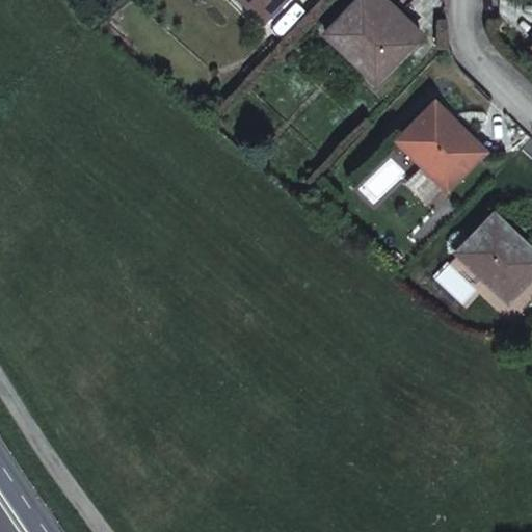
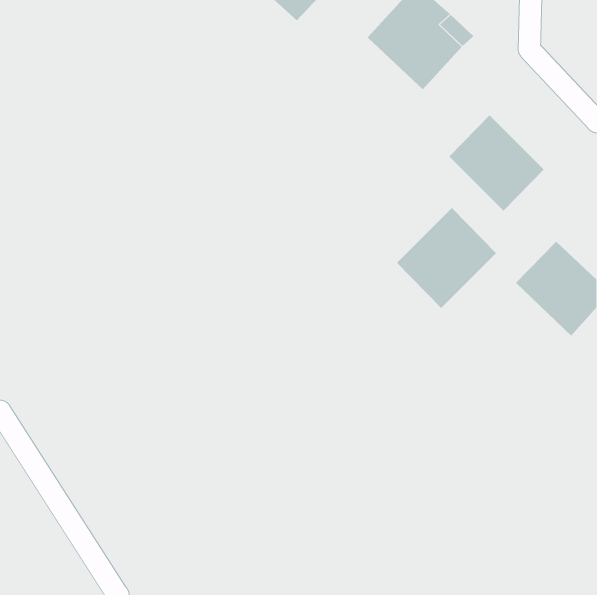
building: none -> [396,207,497,309]

